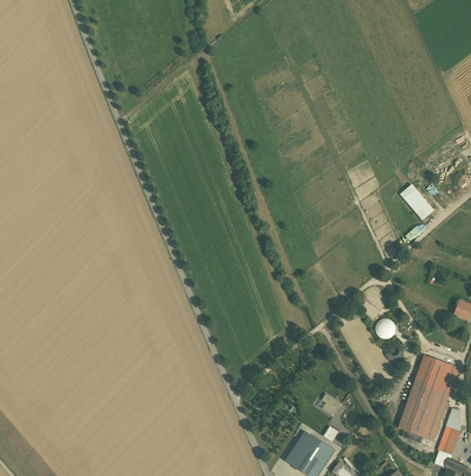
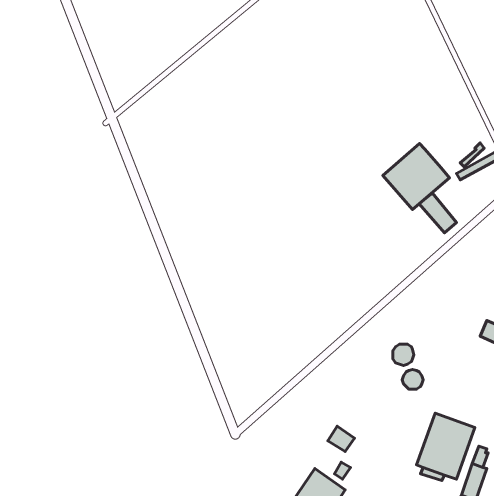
building: none -> [383,144,449,210]
building: [414,355,459,394] -> none

